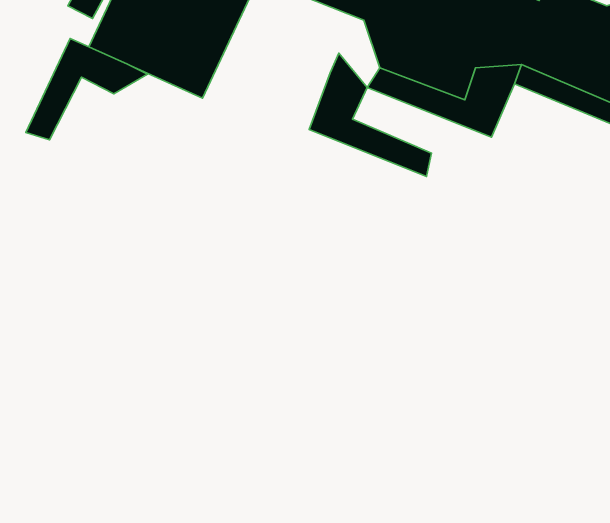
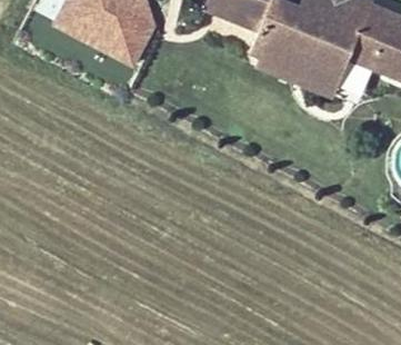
building: [26,39,148,140] -> none
building: [309,53,432,176] -> none

